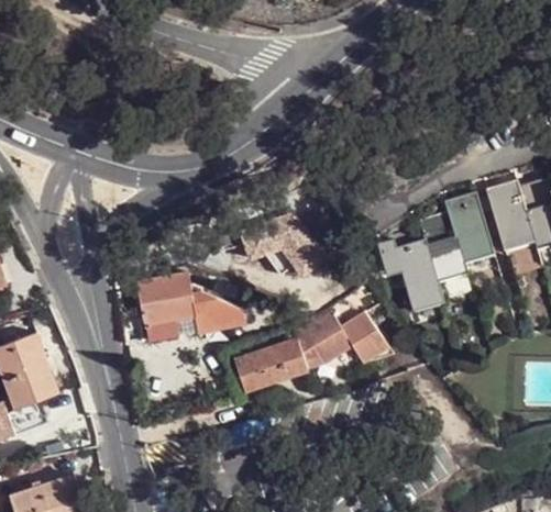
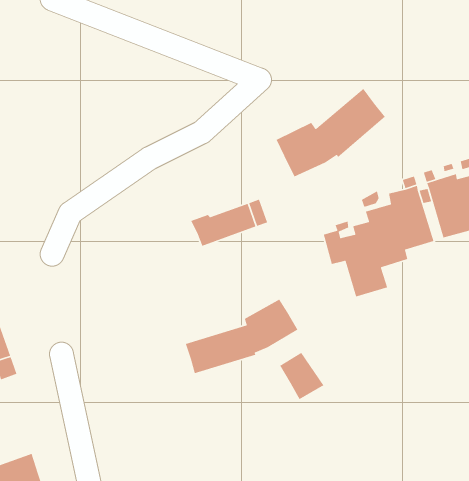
building: none -> [276,88,386,178]
building: [122,275,241,344] -> none
building: [341,313,388,364] -> [279,352,325,400]

